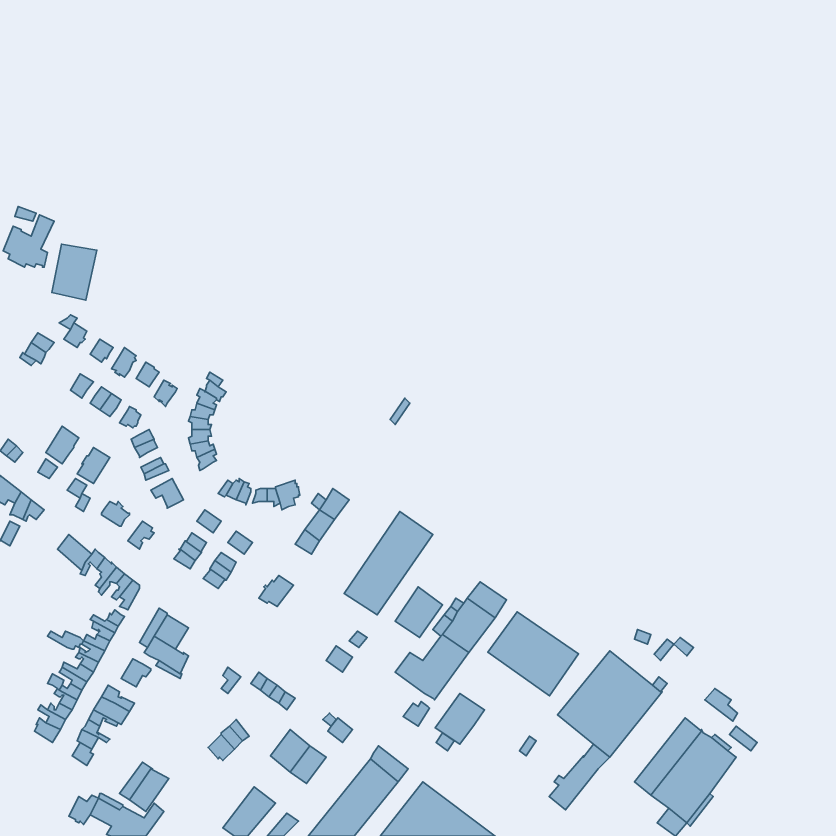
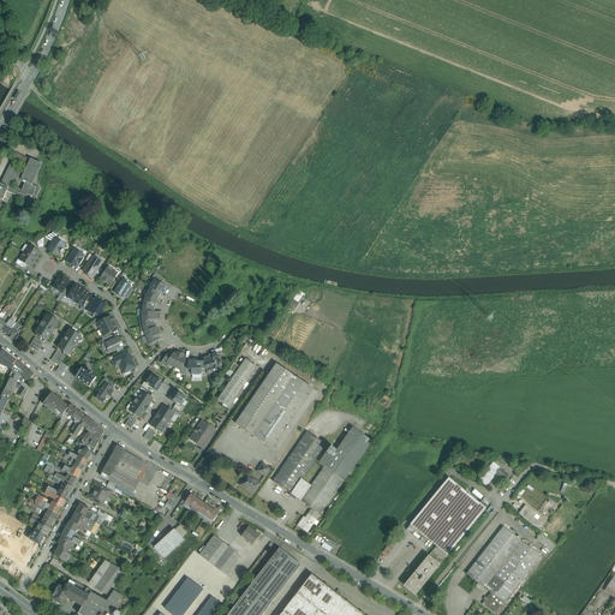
building: [52,244,97,300] -> none
building: none -> [234,363,293,435]
building: [488,612,579,696] -> none
building: [435,693,484,744] -> [271,455,308,492]

